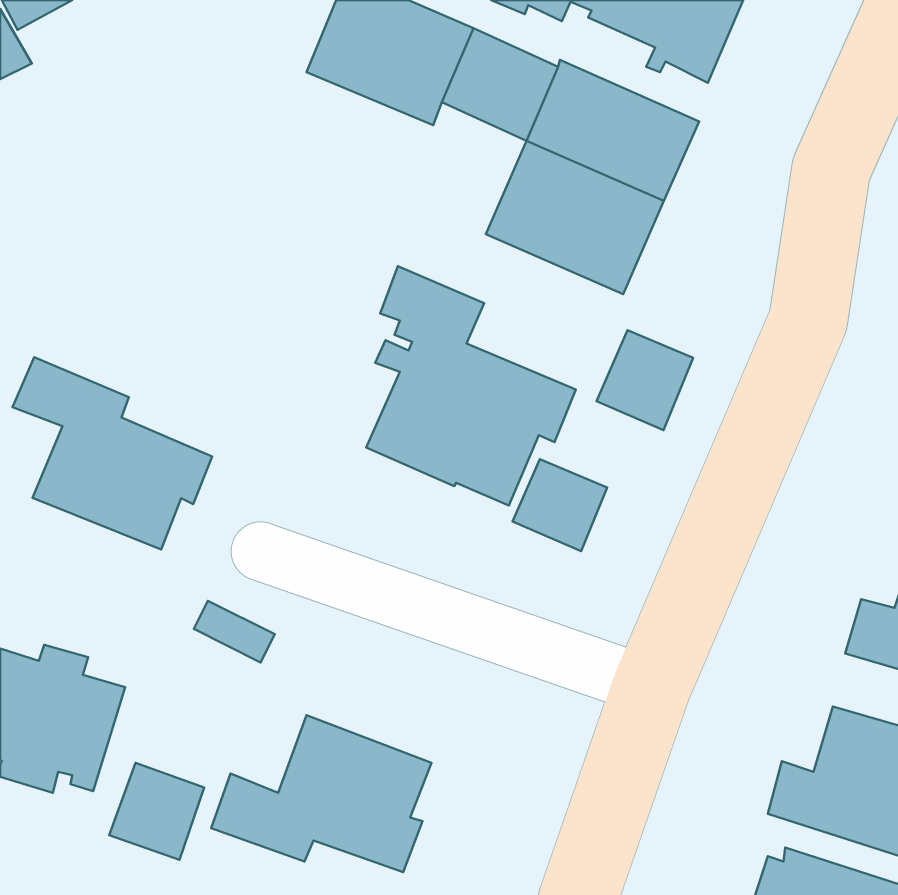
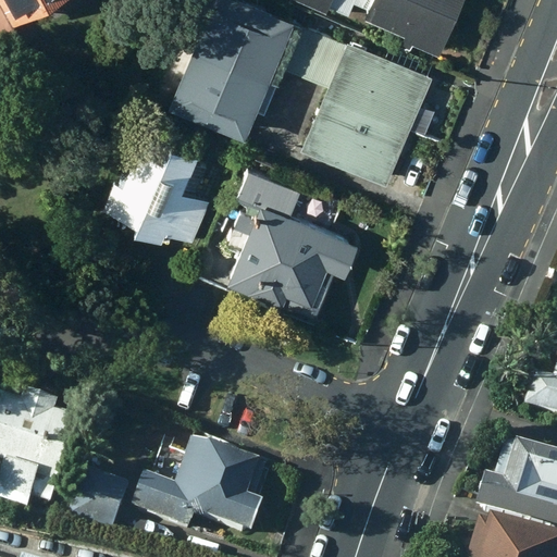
building: none -> [166,48,269,136]
building: none -> [101,129,210,245]
building: [596,330,693,430] -> none
building: [13,357,212,550] -> none
building: [512,459,607,551] -> none

